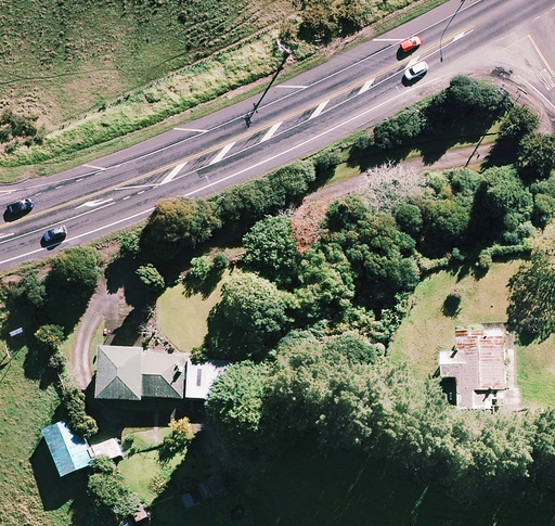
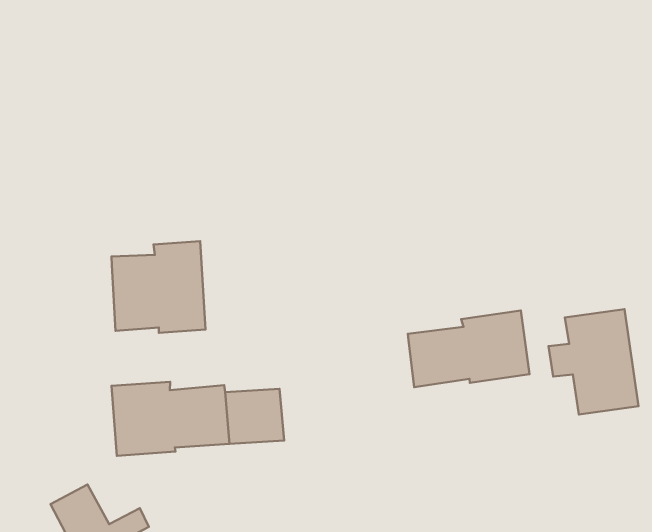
building: none -> [111,241,206,333]
building: none -> [408,311,530,387]

